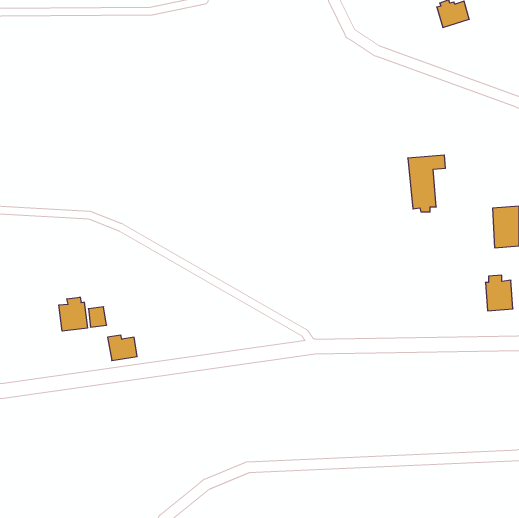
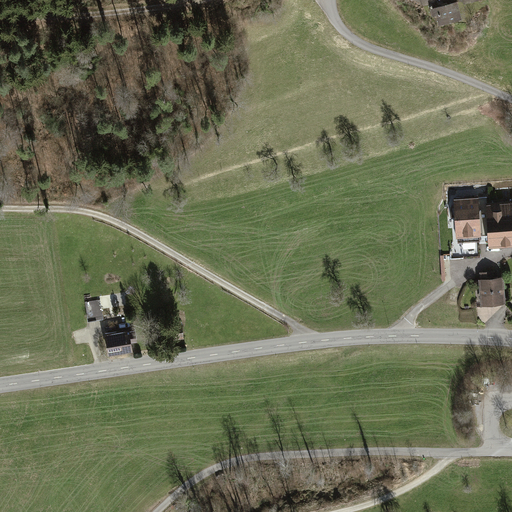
building: [408,155,445,212] -> [452,187,489,243]
building: [59,297,87,331] -> none

